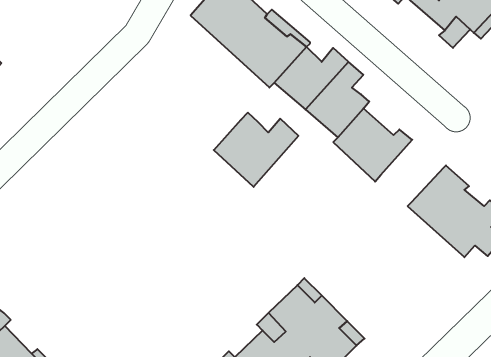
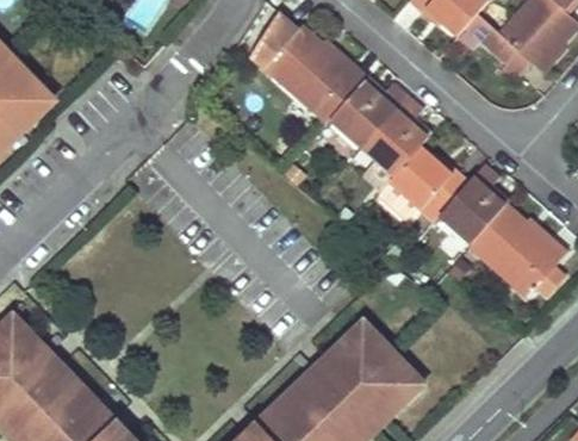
building: [214,113,298,187] -> none
building: none -> [441,163,505,242]

